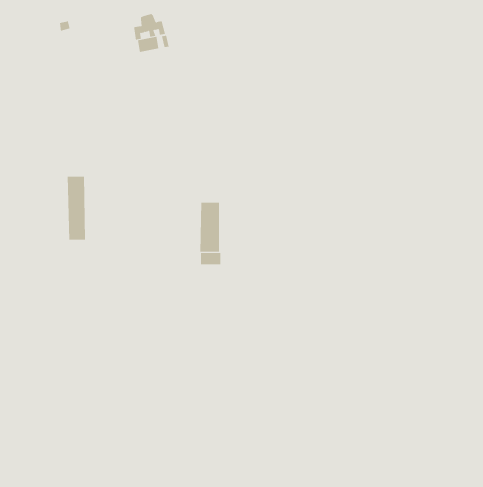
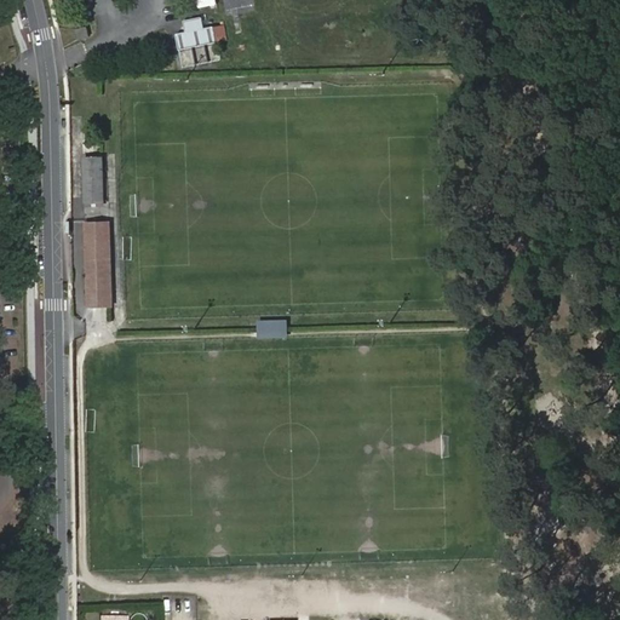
building: none -> [84,156,102,203]
building: [200,202,219,253] -> none

